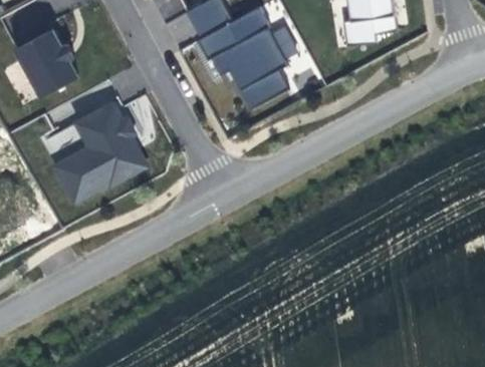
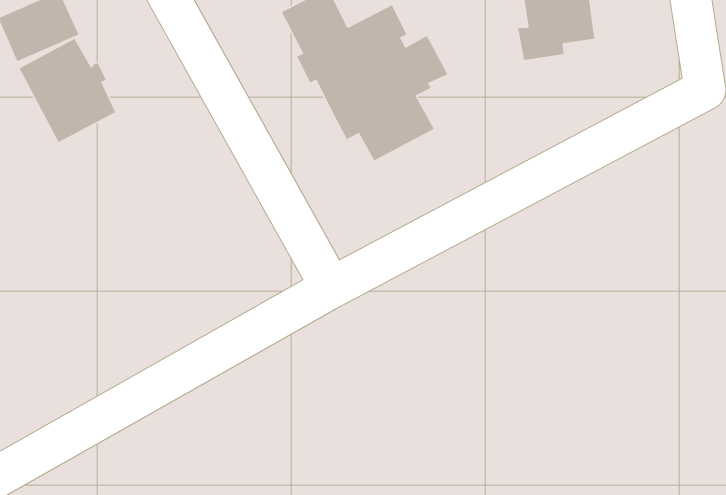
building: [53,102,149,204] -> none

